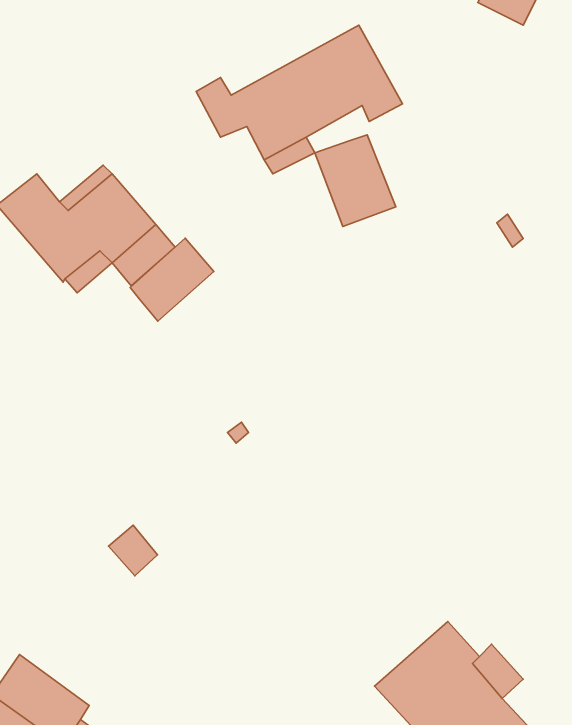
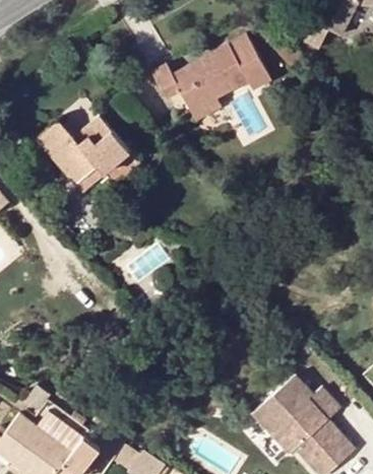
building: [315,135,396,226] -> none
building: [130,238,214,321] -> none

